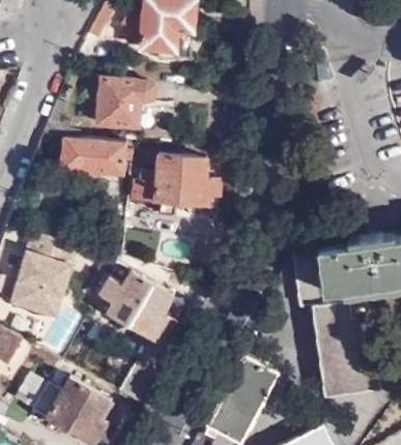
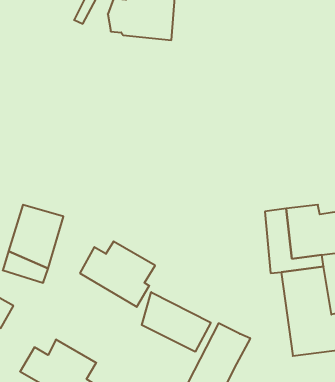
building: [96,79,154,129] -> none
building: [58,138,125,176] -> none
building: [130,155,210,208] -> none
building: none -> [142,292,211,352]

